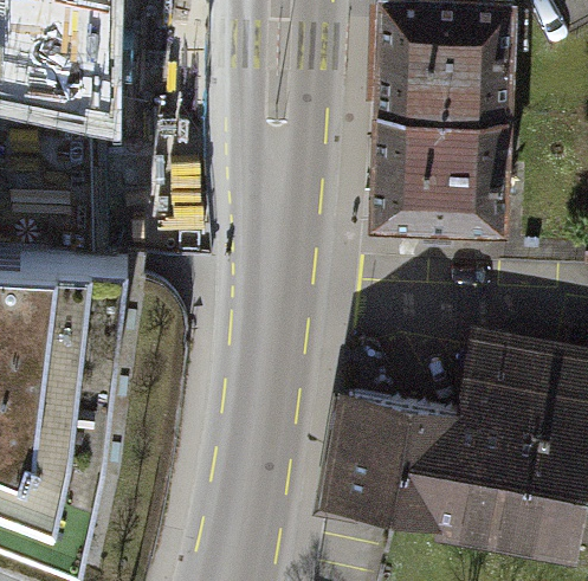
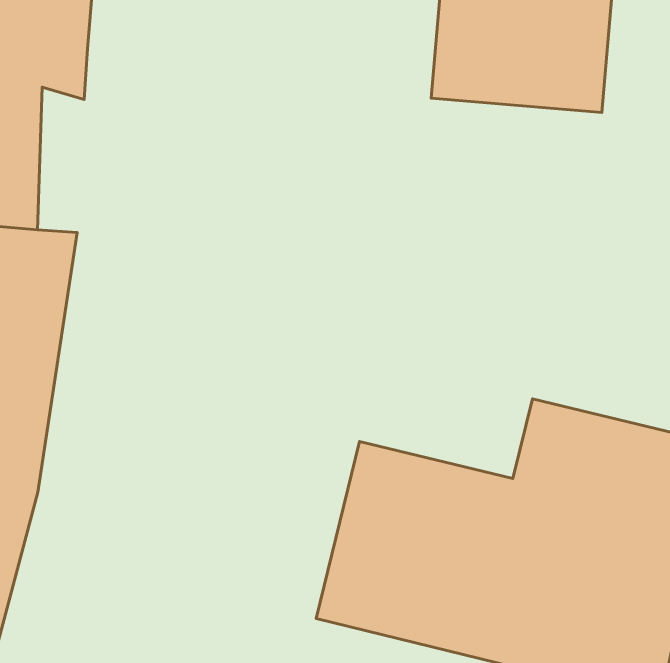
building: [373,121,503,232] -> none

